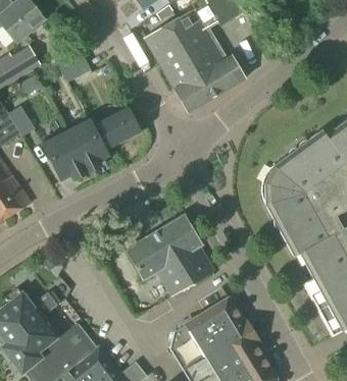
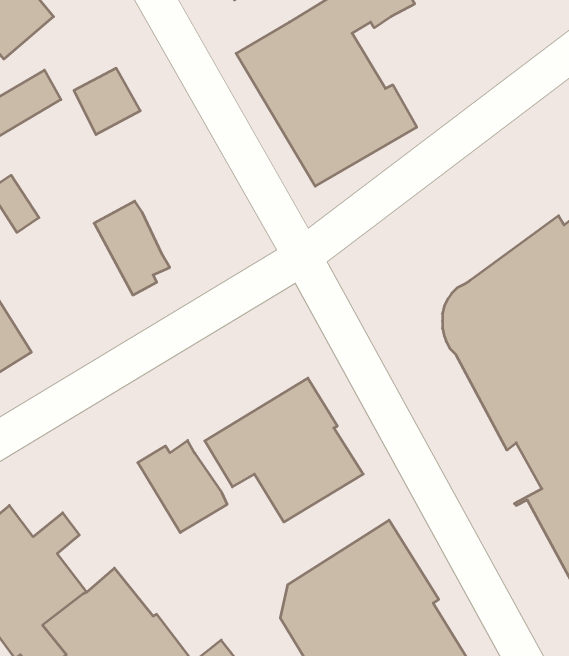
building: [92,109,140,150] -> none
building: [43,132,87,180] -> none
building: none -> [138,440,227,533]

